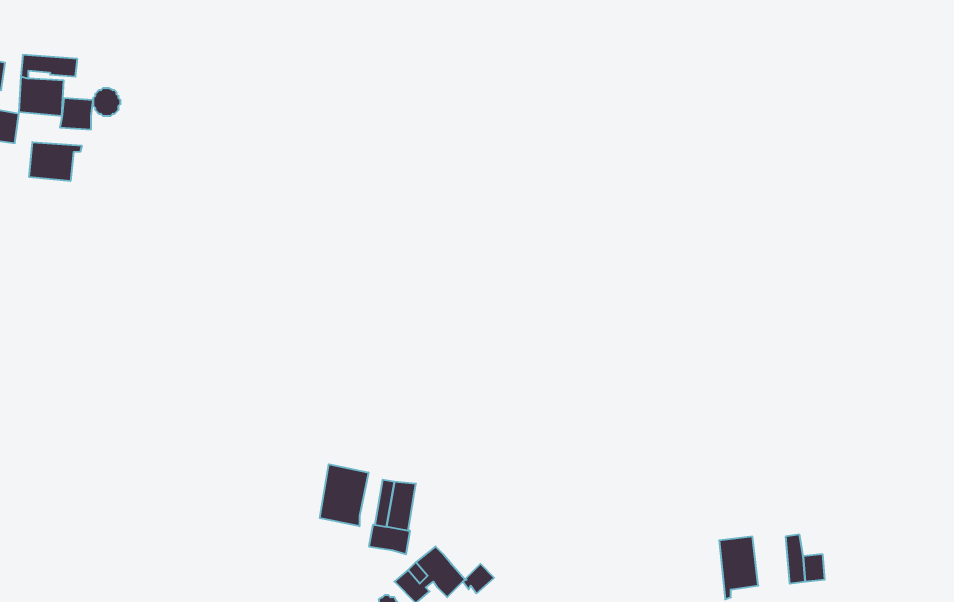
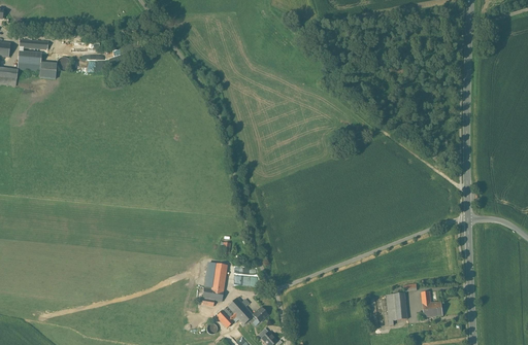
building: [29,142,82,181] -> none
building: [320,464,368,526] -> none

